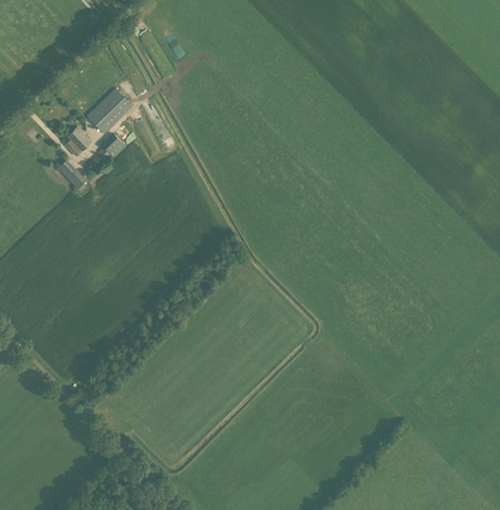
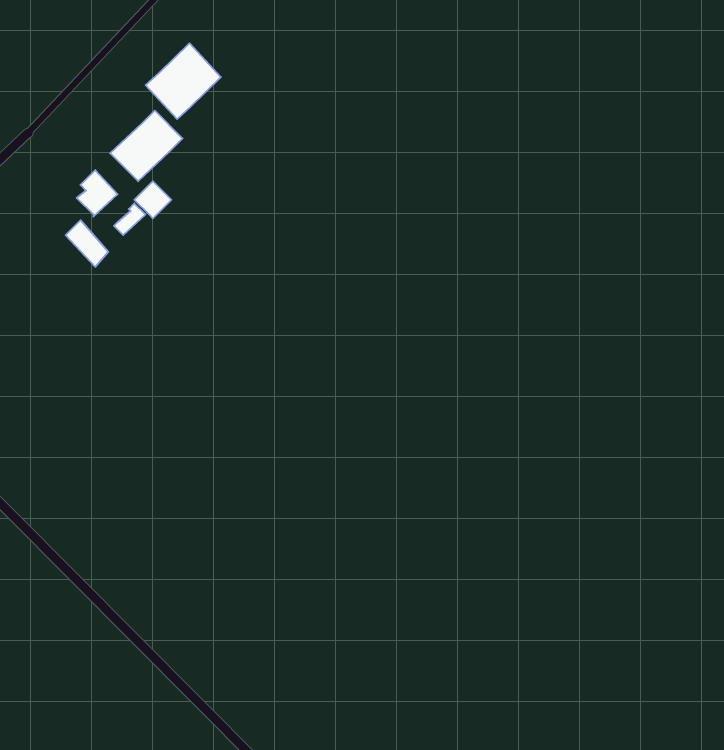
building: none -> [146,43,221,119]

